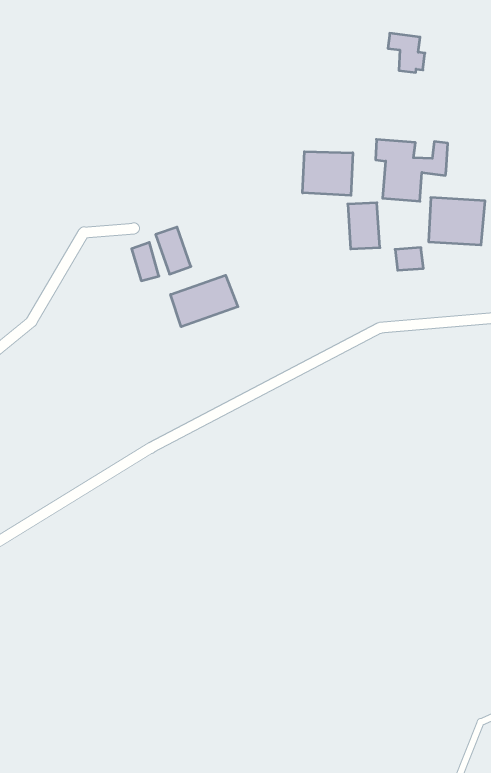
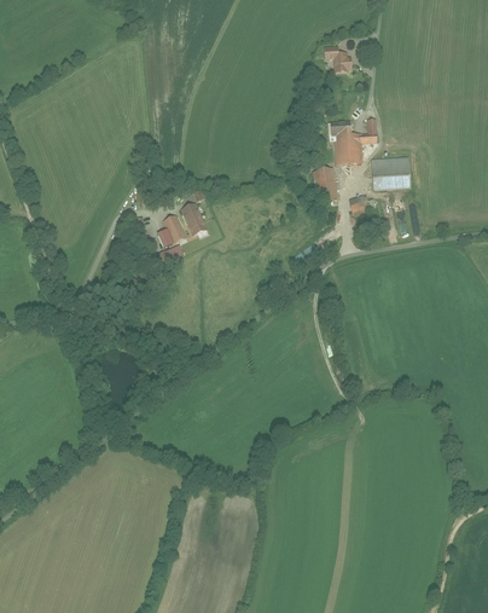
building: [303,152,353,195] -> none
building: [171,275,238,327] -> none

